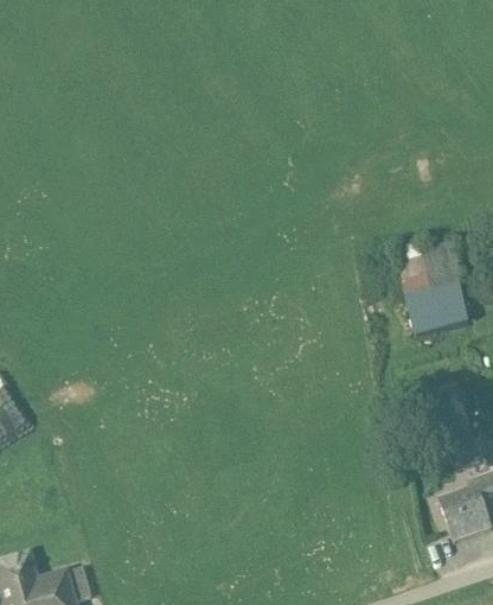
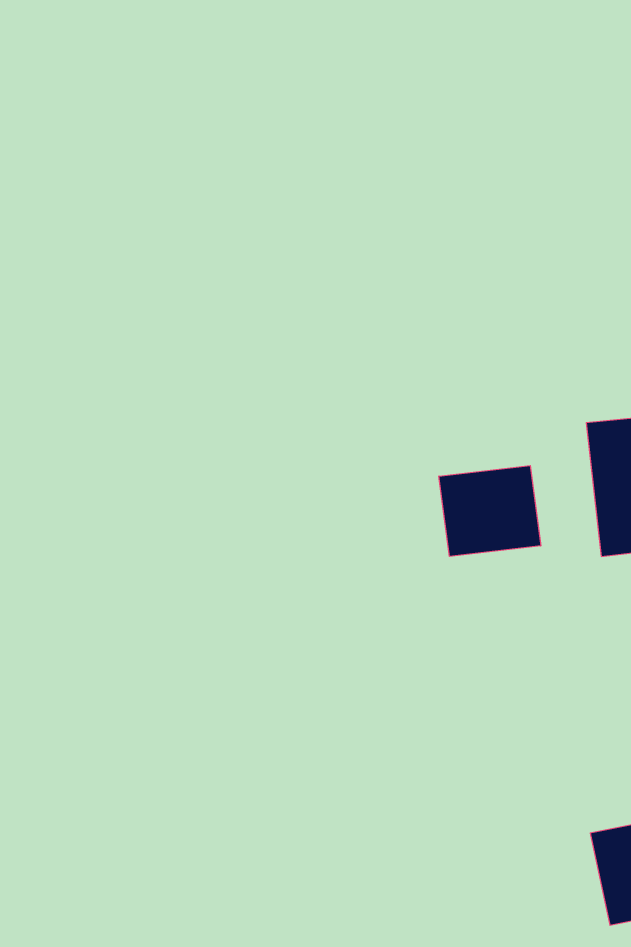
building: none -> [439,466,541,556]

